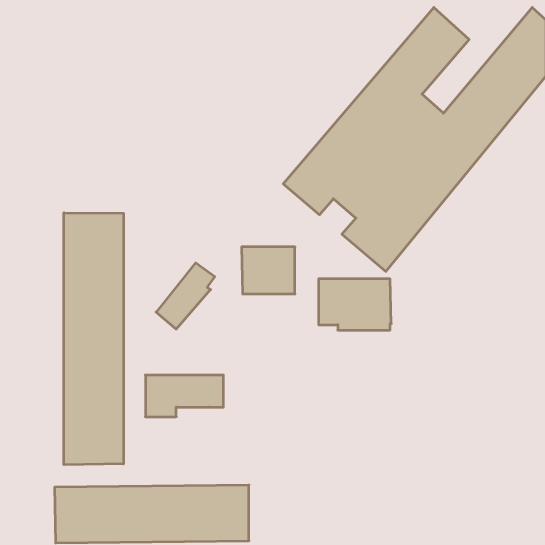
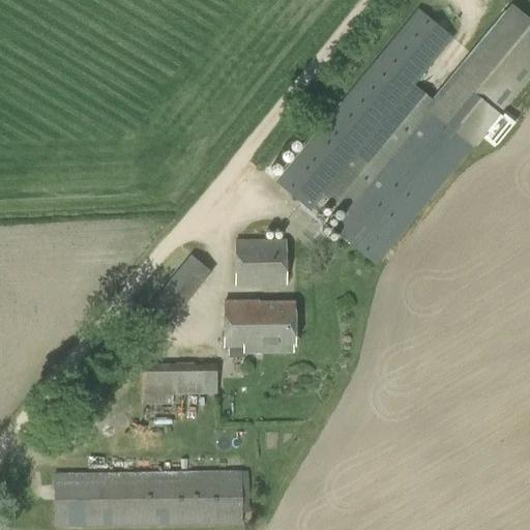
building: [64,213,123,465] -> none
building: [319,279,391,330] -> [225,302,295,352]

